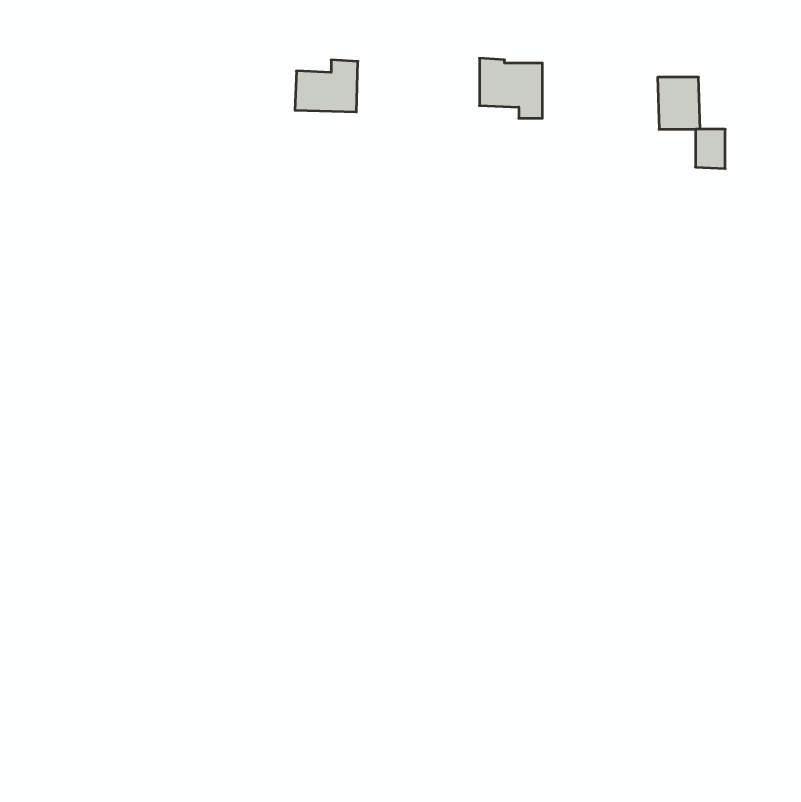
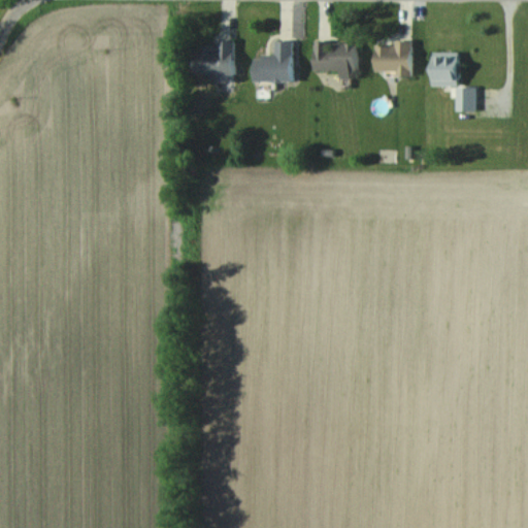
building: none -> [253,41,291,82]
building: none -> [374,41,411,77]

